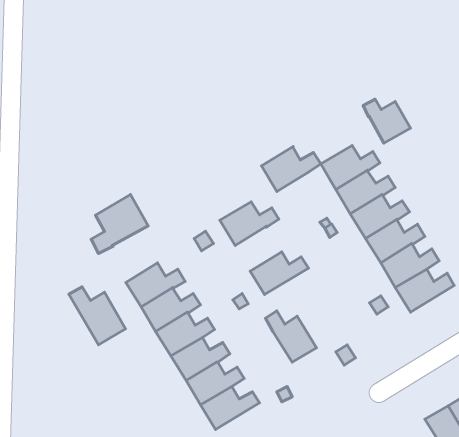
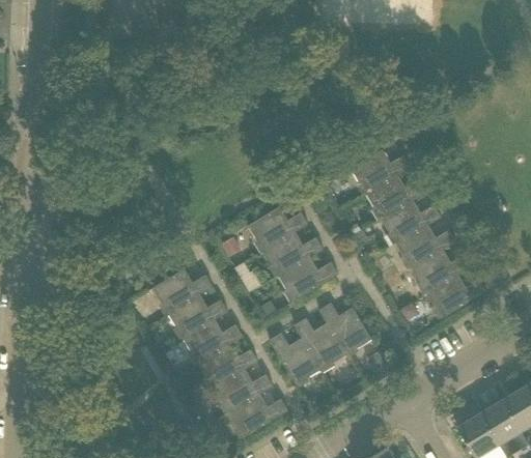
building: [363,99,411,143] -> none
building: [262,147,321,191] -> [263,230,324,276]
building: [91,195,148,253] -> none
building: [69,287,126,345] -> none
building: none -> [319,302,372,353]
building: none -> [270,332,322,383]

